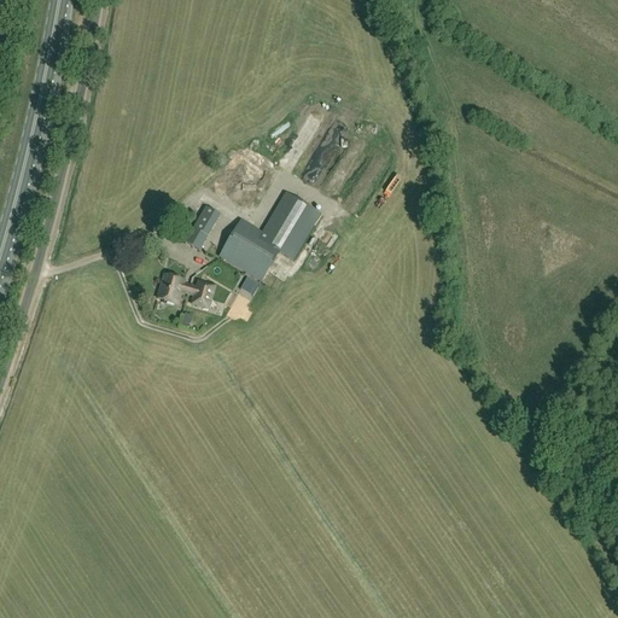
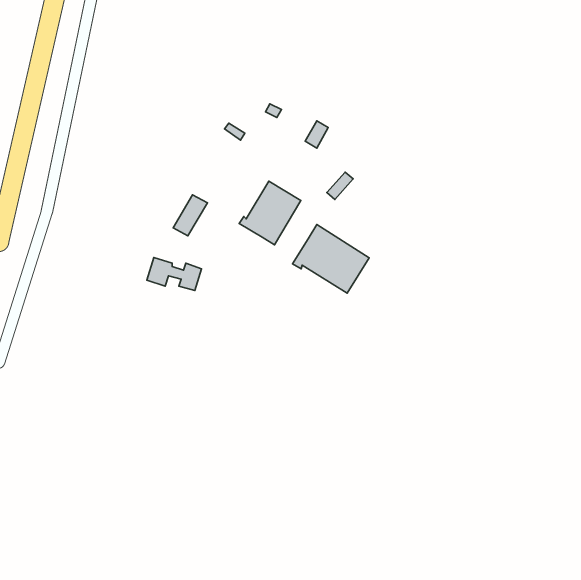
building: [218,220,278,280] -> none
building: none -> [293,224,369,293]

